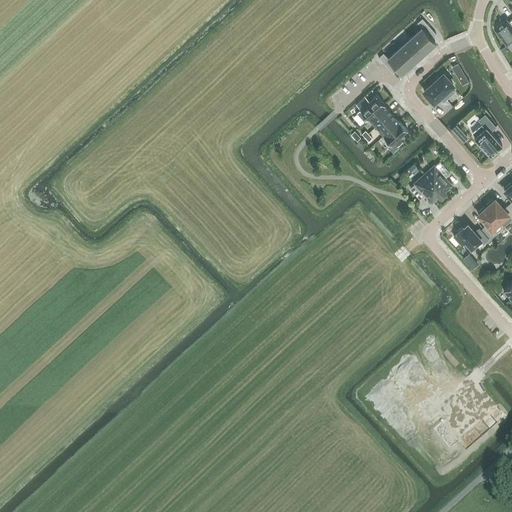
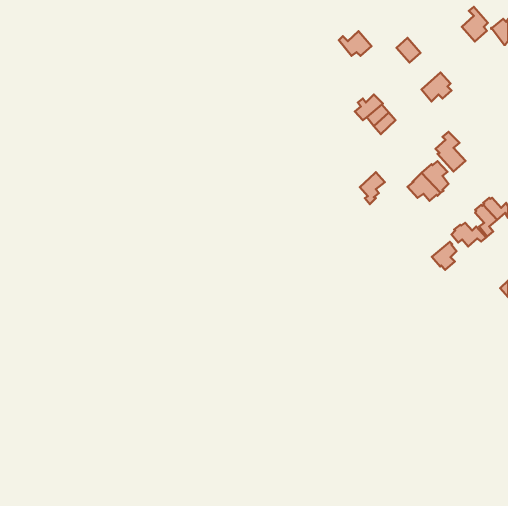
building: [410,20,436,55] -> [462,7,488,42]
building: [379,50,412,75] -> [339,31,372,56]
building: [472,117,502,157] -> [436,132,465,172]
building: [383,122,408,154] -> [360,172,385,204]
building: none -> [432,242,456,270]

